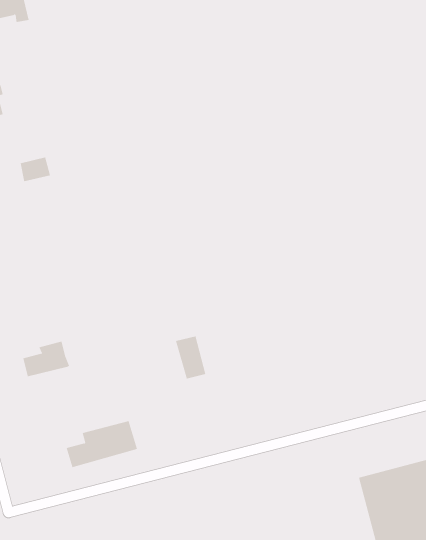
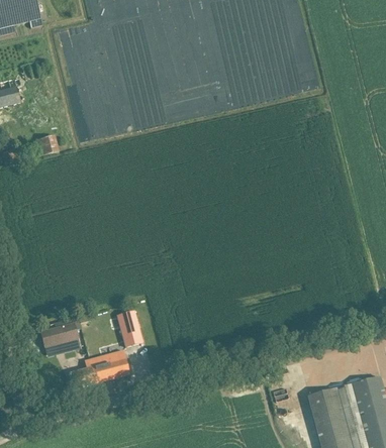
building: [175,336,206,379] -> [116,310,141,345]
building: [22,341,70,378] -> [39,317,78,347]

